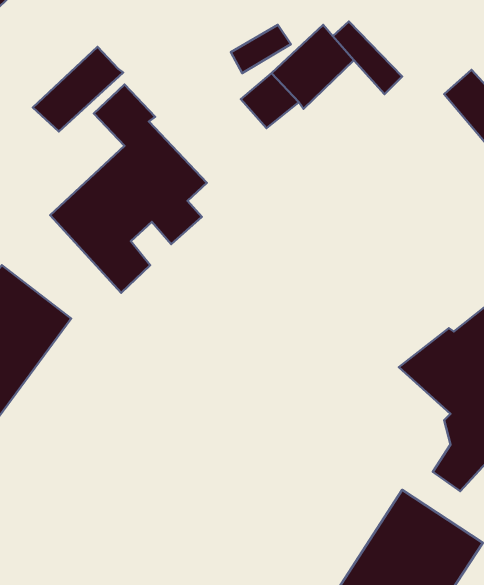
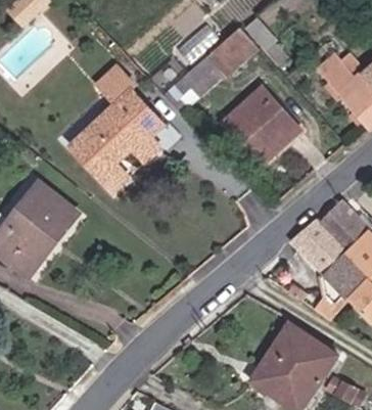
building: [33,47,123,132] -> none
building: none -> [221,83,301,167]

